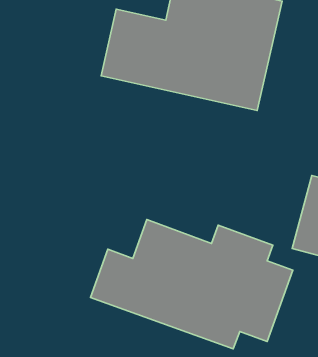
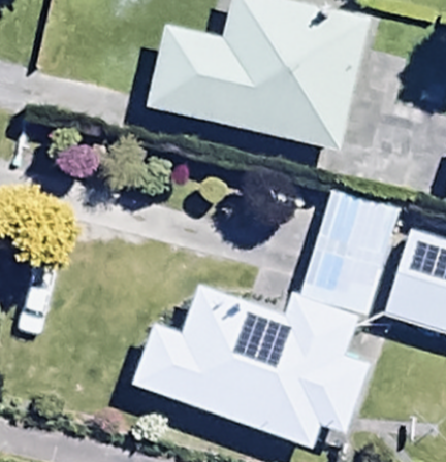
building: none -> [304,195,401,310]

